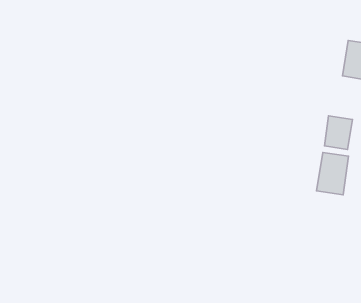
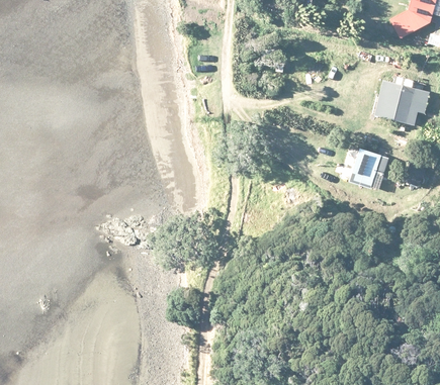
building: [316,152,349,195] -> none

